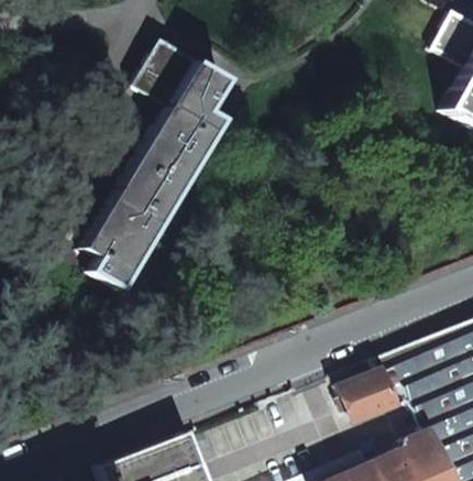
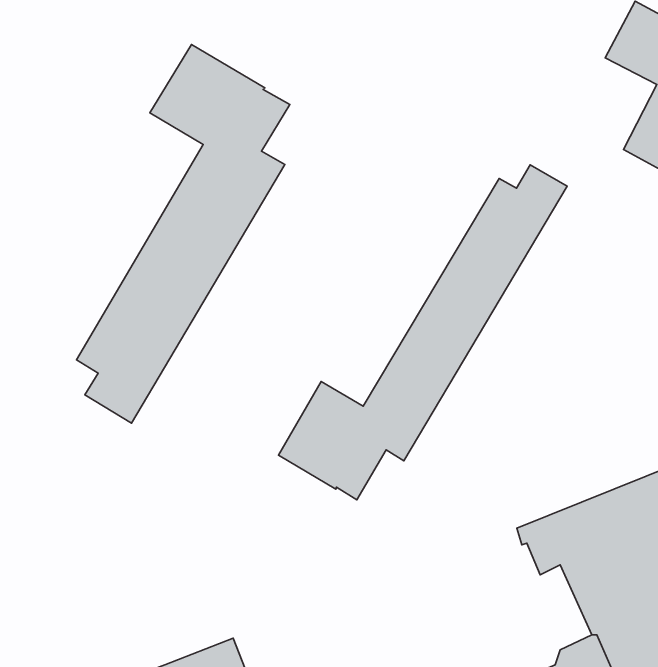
building: none -> [278,165,567,500]
building: [340,370,398,422] -> none

